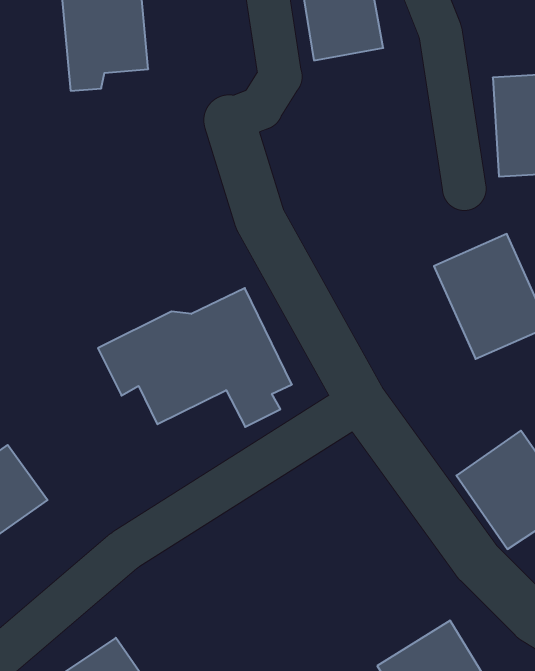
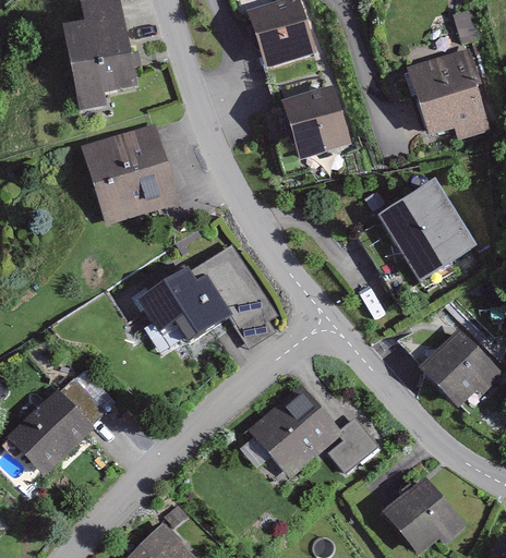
building: none -> [273,87,356,161]
building: none -> [76,120,182,217]
building: none -> [242,388,386,485]

